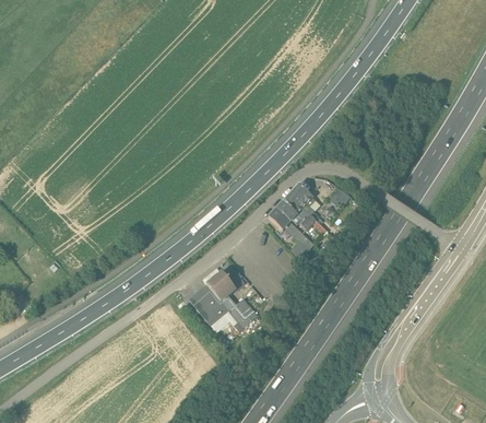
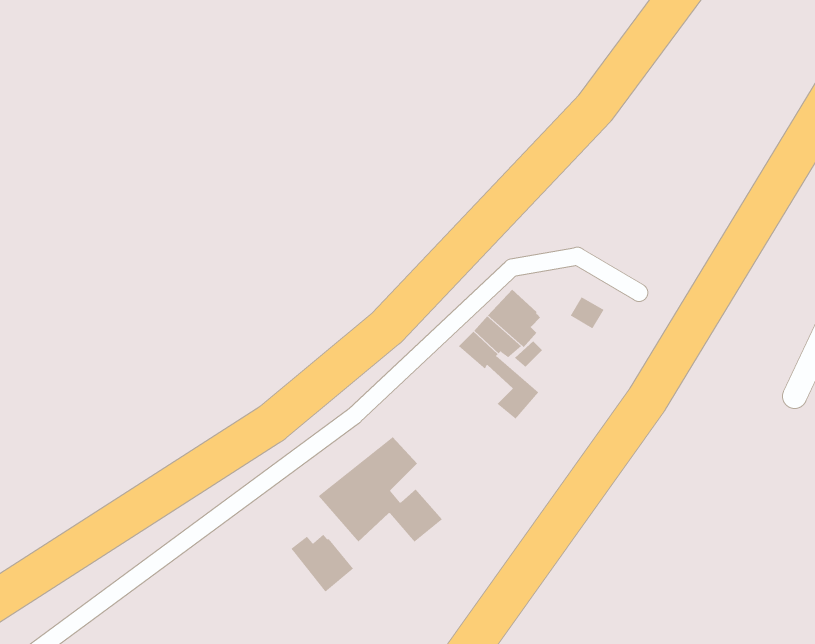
building: none -> [290,534,354,593]

